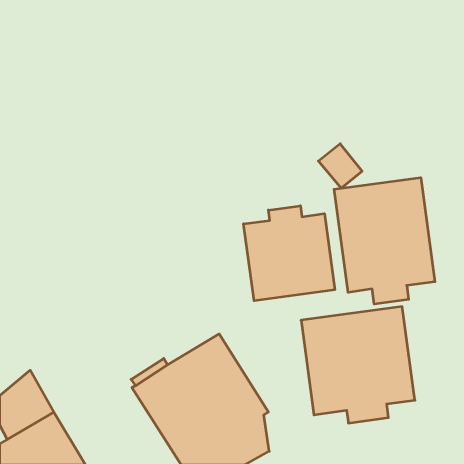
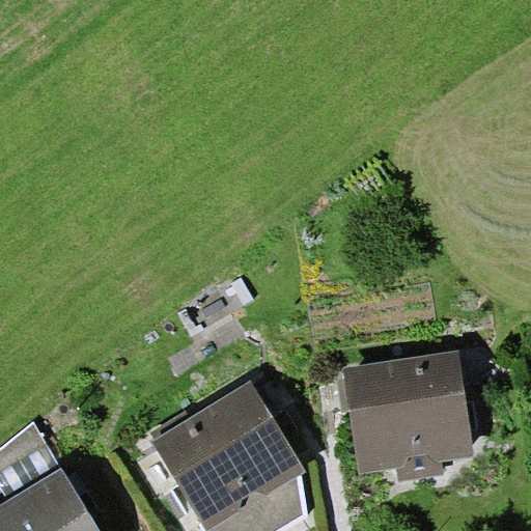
building: [334,178,435,304] -> none
building: [244,206,335,301] -> none

